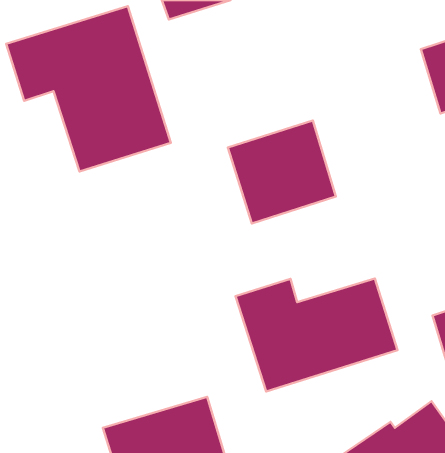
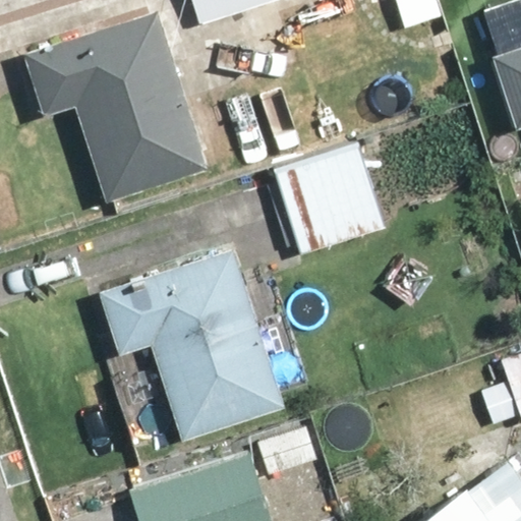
building: none -> [97,249,283,441]
building: [235,278,398,392] -> none

